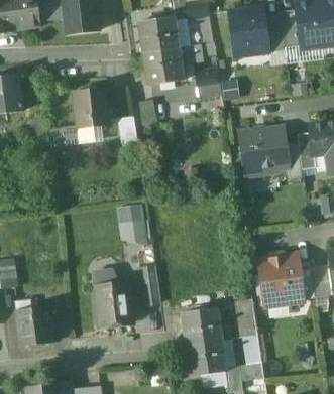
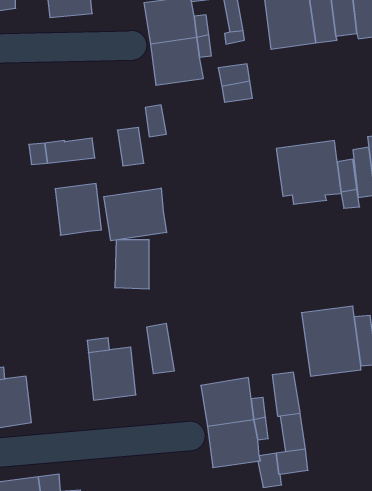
building: [73,89,108,128] -> [55,184,101,235]
building: none -> [104,188,167,241]

